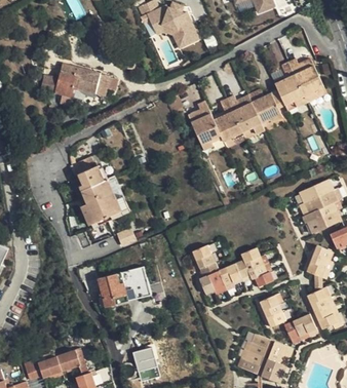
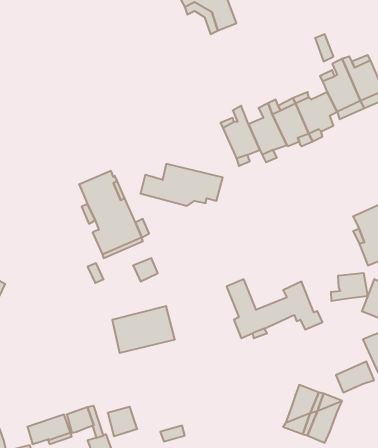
building: [39,65,108,100] -> [140,164,223,206]
building: none -> [331,273,367,301]
building: [259,296,284,326] -> none
building: [130,347,155,372] -> [108,407,137,436]

